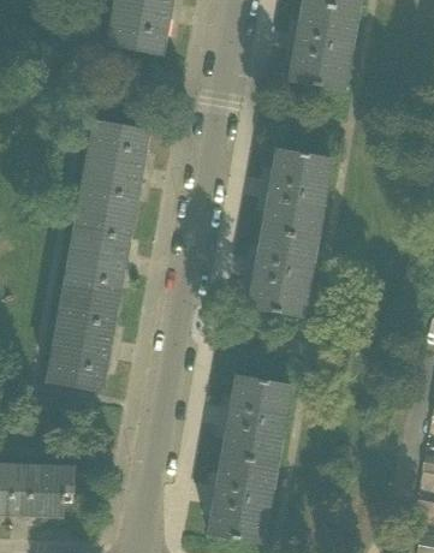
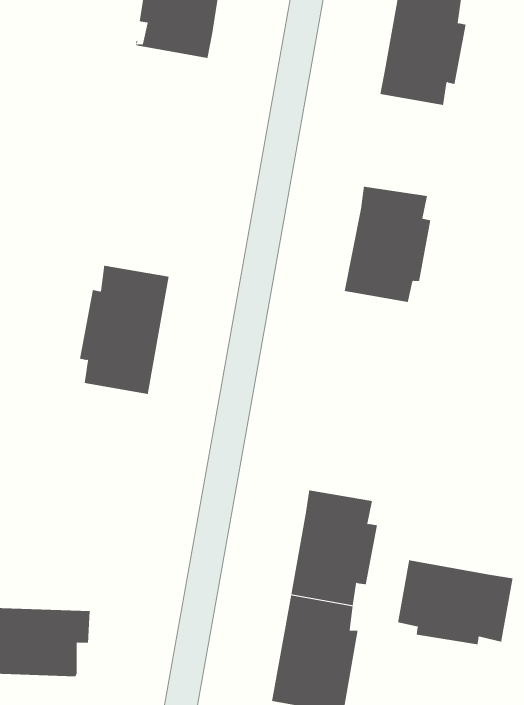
building: [81,123,148,218] -> none
building: [249,228,313,316] -> none
building: [47,297,117,392] -> none
building: none -> [397,560,513,645]

